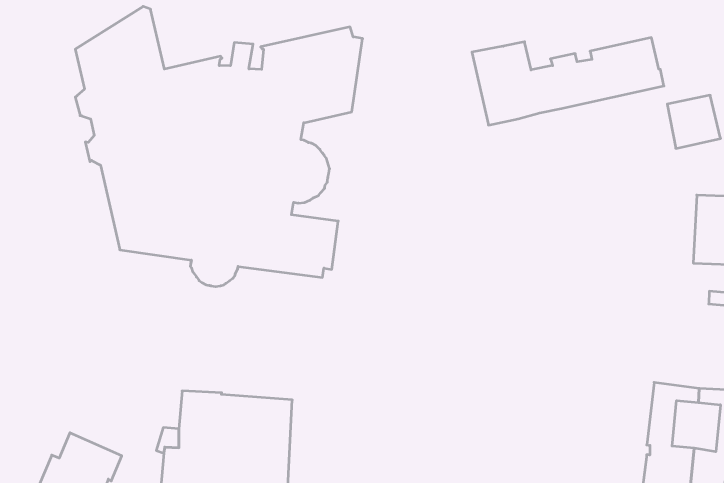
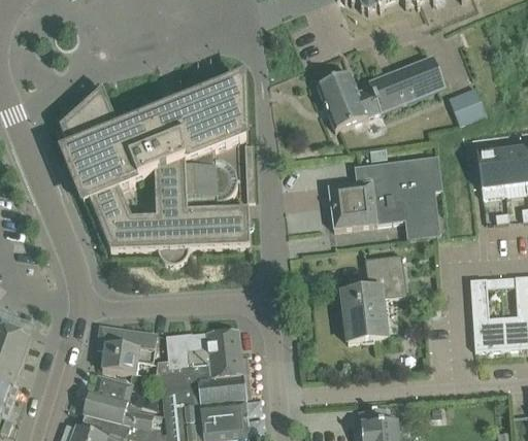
building: none -> [328,156,441,236]
building: none -> [341,253,406,341]
building: none -> [102,327,157,374]

